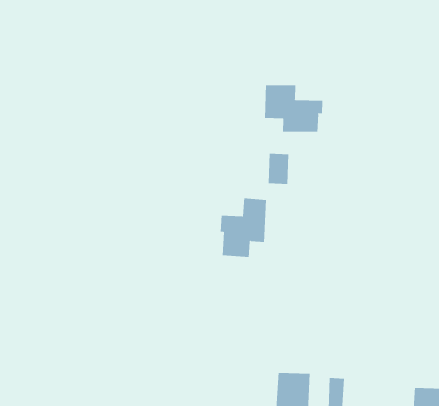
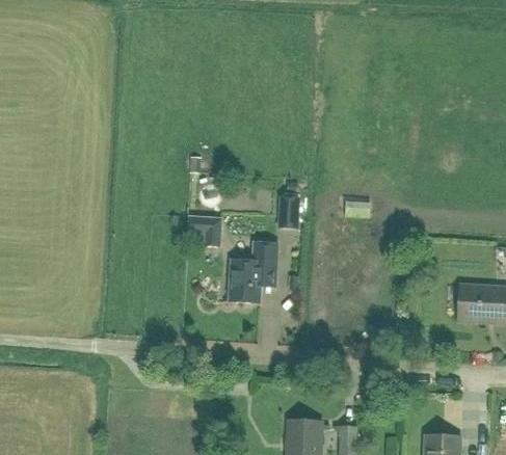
building: [264,84,323,133] -> none
building: none -> [187,215,221,244]

